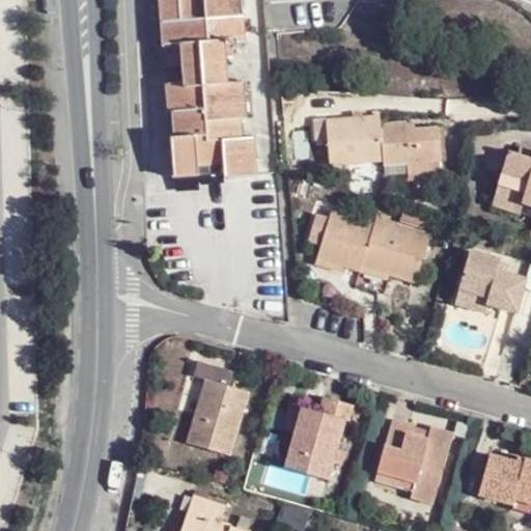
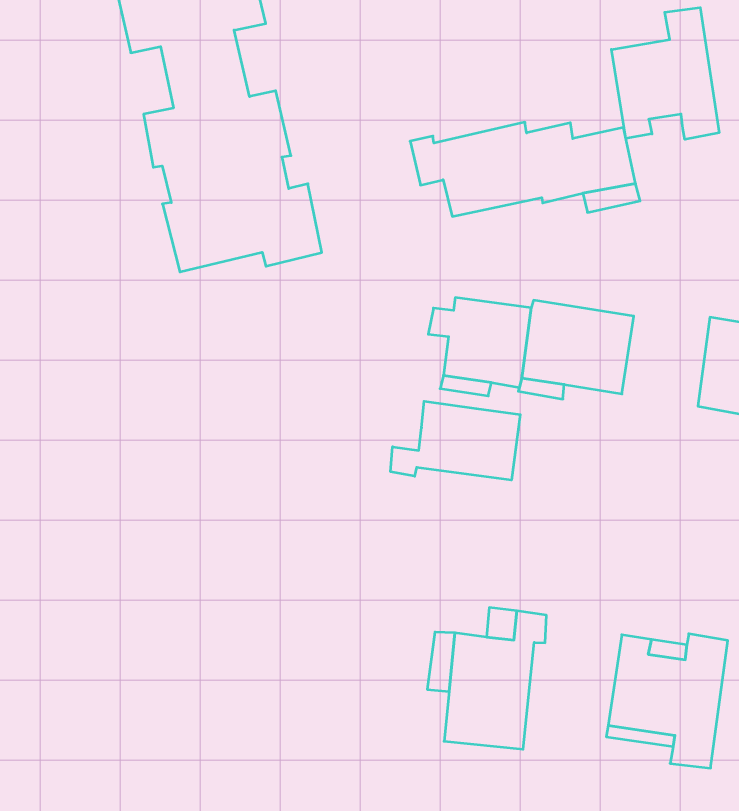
building: none -> [611,8,719,139]
building: none -> [391,401,520,480]
building: [188,360,250,453] -> none

